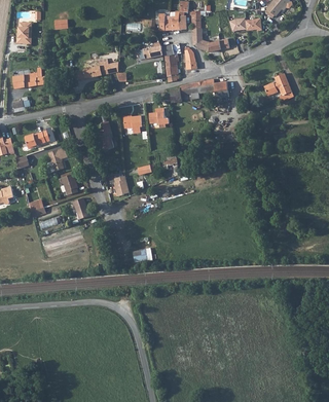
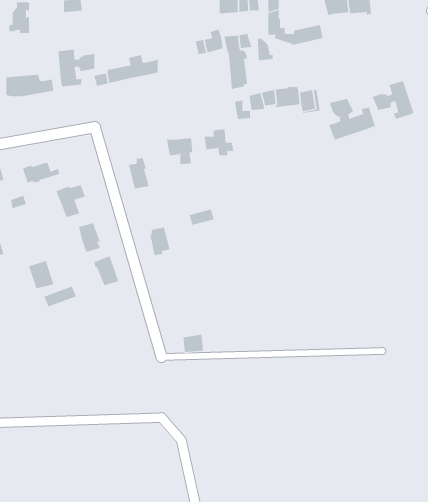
building: none -> [58,49,95,87]
building: none -> [328,98,376,141]

